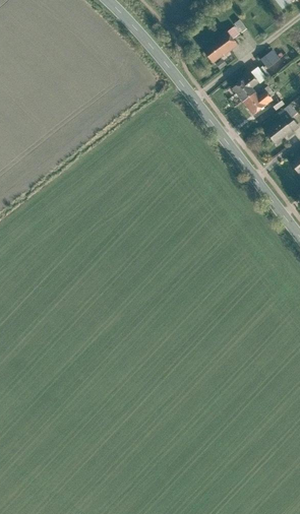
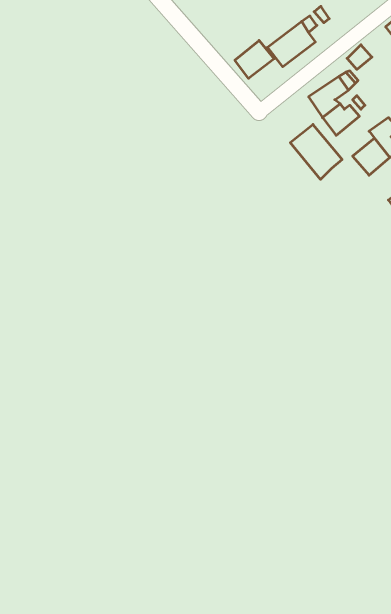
building: none -> [235,40,274,78]
building: none -> [290,124,342,179]

